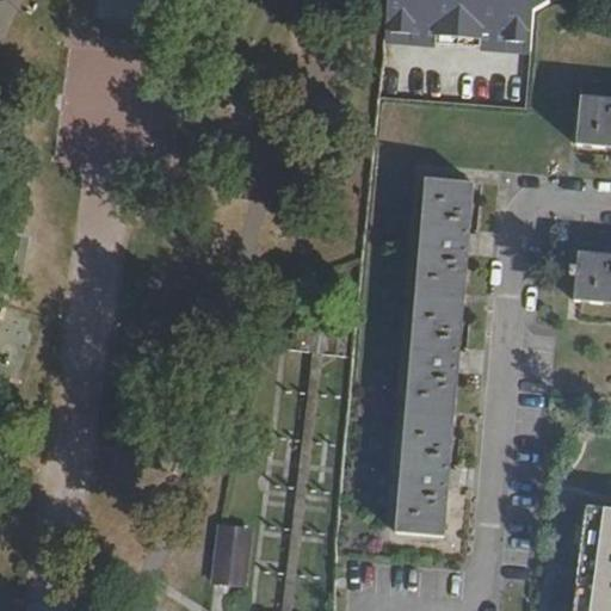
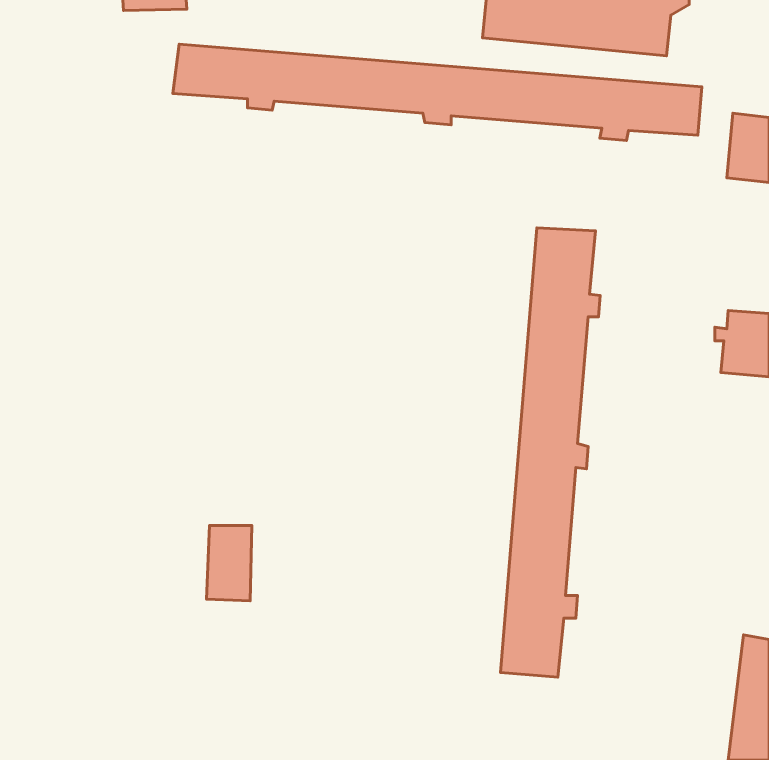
building: none -> [173,44,702,140]
building: [211,520,247,580] -> [206,525,252,601]

